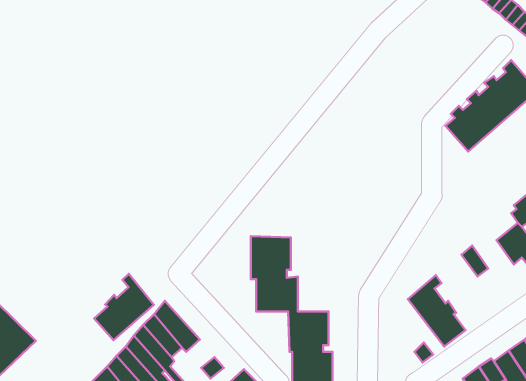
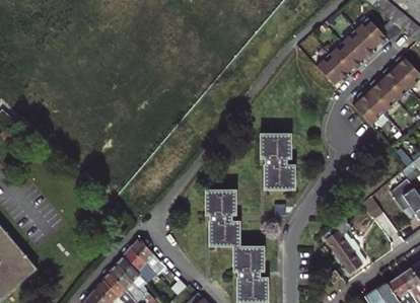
building: none -> [314,19,389,86]
building: none -> [259,133,294,191]
building: [94,274,154,340] -> none

